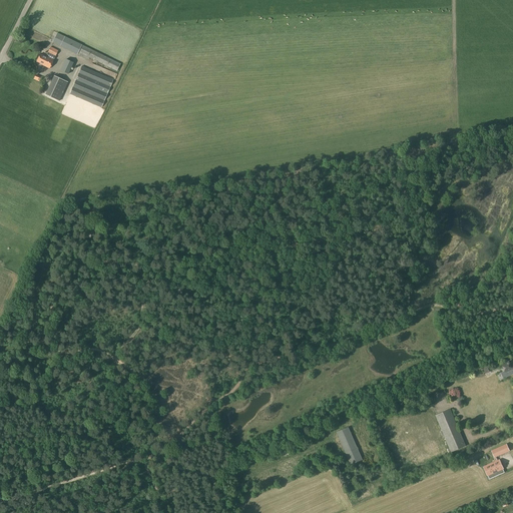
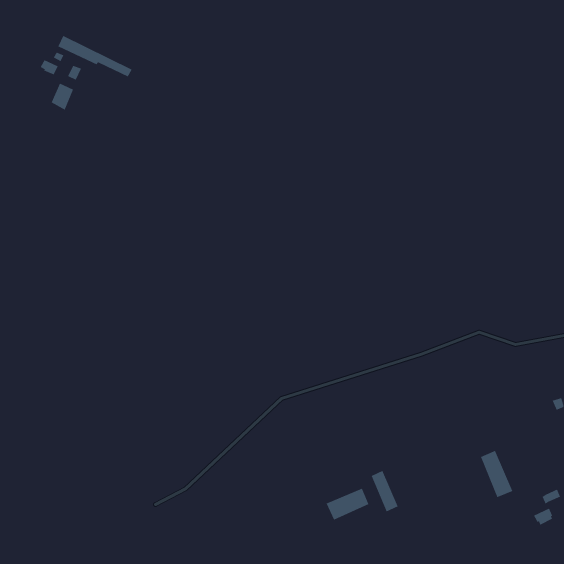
building: [70,66,112,107] -> none
building: none -> [326,488,369,520]

